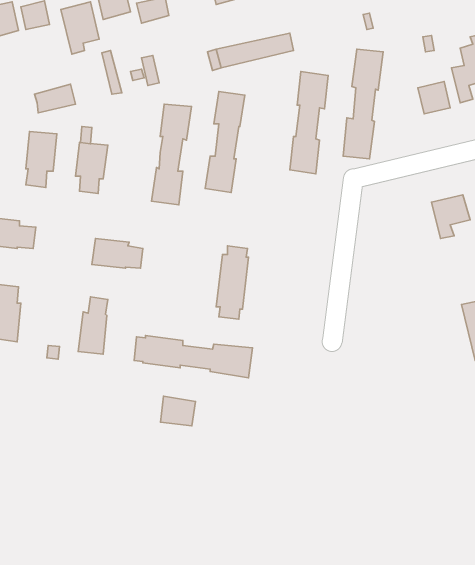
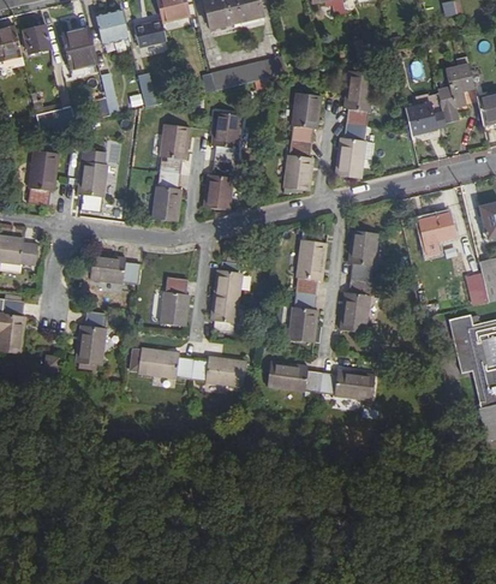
building: none -> [342,231,380,335]
building: none -> [289,240,328,344]
building: none -> [161,278,189,327]
building: none -> [269,363,377,401]
building: [160,396,195,426] -> none

